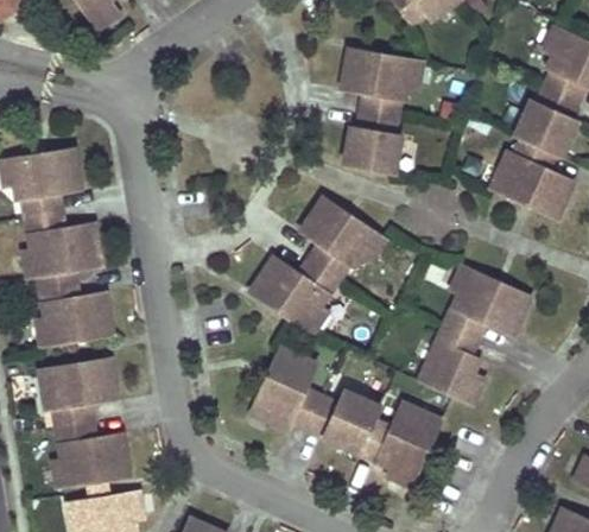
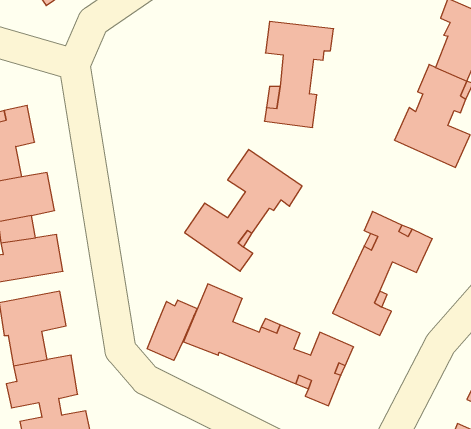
building: none -> [147,300,197,360]

